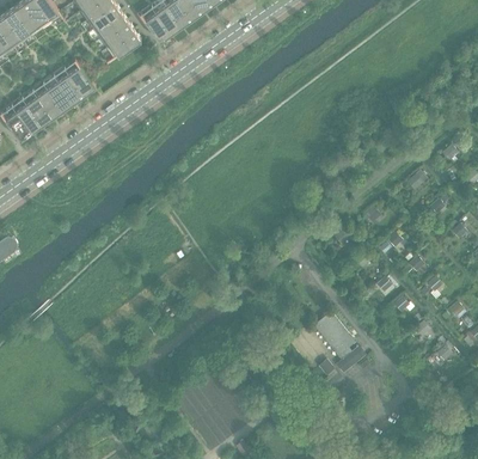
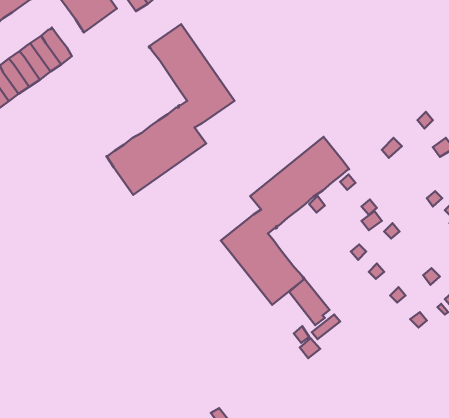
building: none -> [106,24,235,195]
building: none -> [221,137,349,305]

